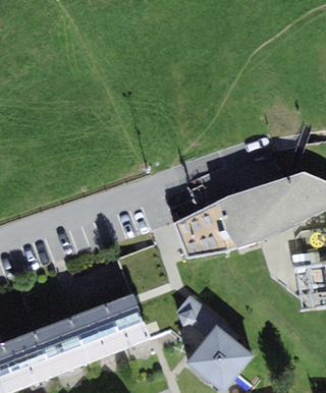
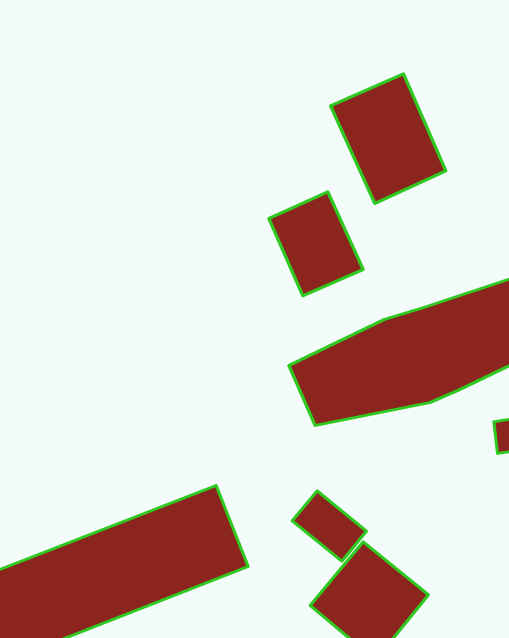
building: none -> [330,74,446,204]
building: none -> [269,192,363,296]

